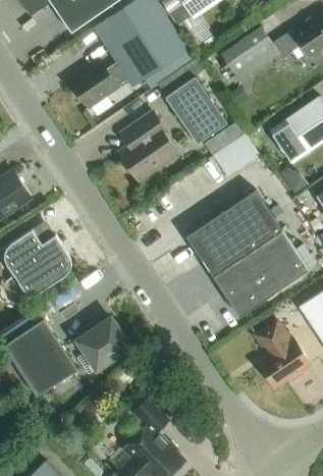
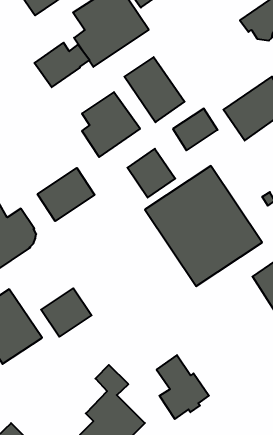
building: [221,25,295,82] -> none
building: none -> [127,149,175,198]
building: none -> [38,168,95,221]
building: [256,320,311,387] -> [157,355,209,419]

